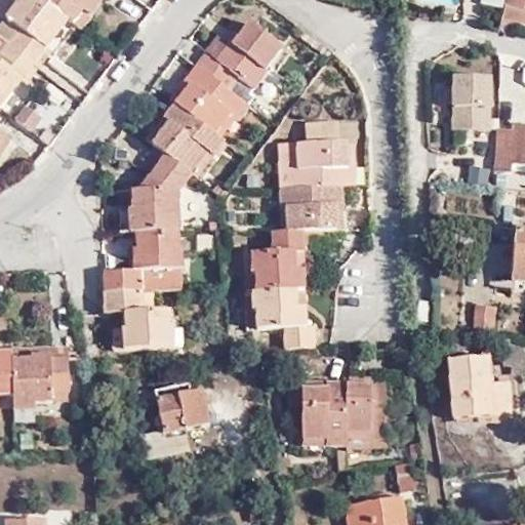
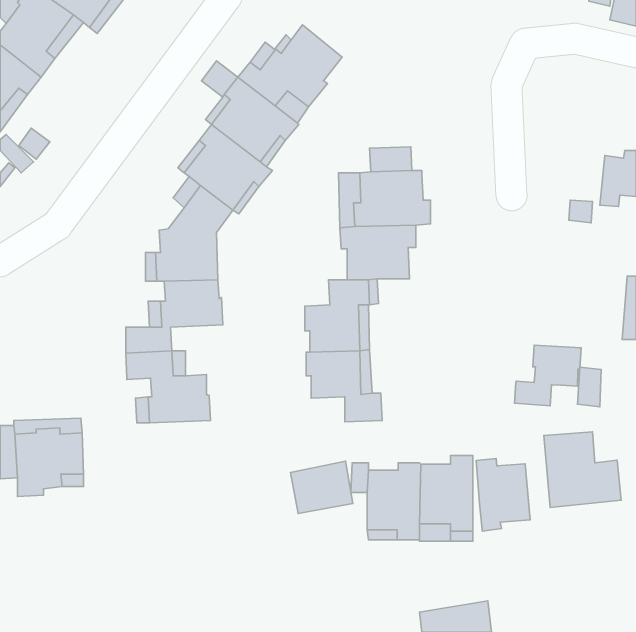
building: [453,76,490,129] -> none
building: none -> [515,345,581,406]
building: none -> [476,458,530,531]
building: [157,390,208,433] -> [291,461,353,513]

